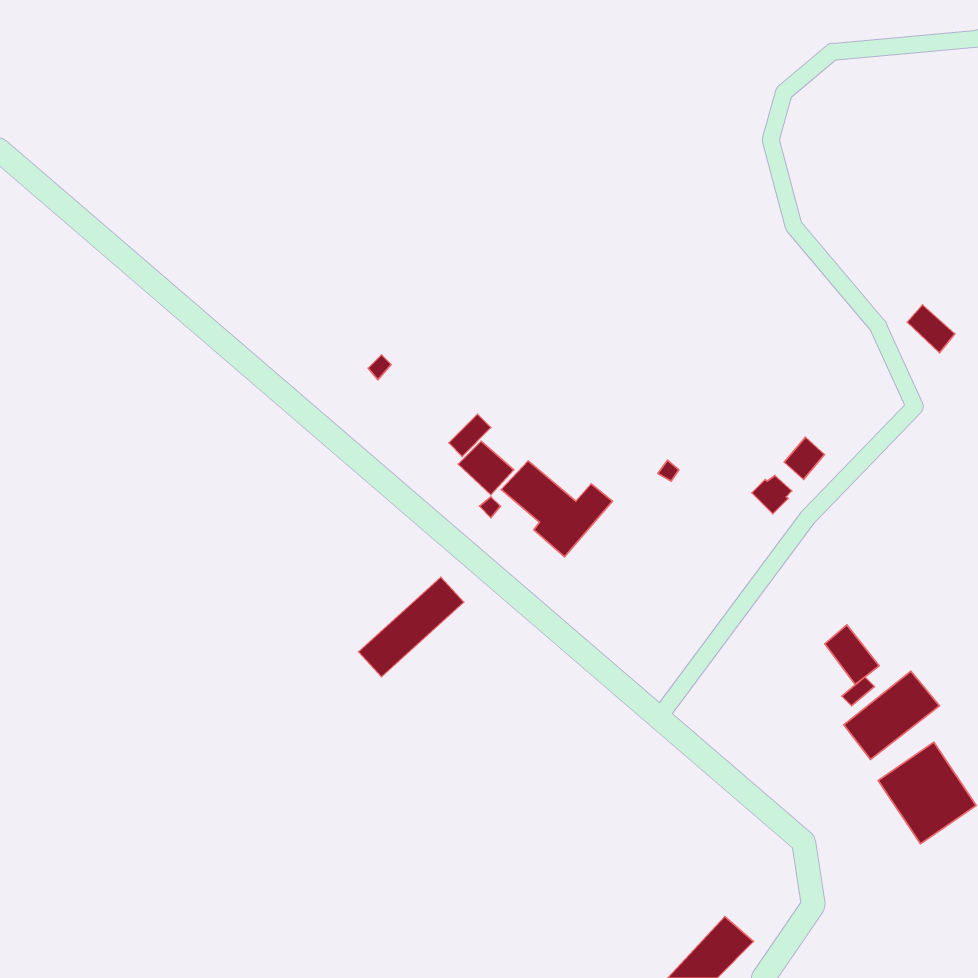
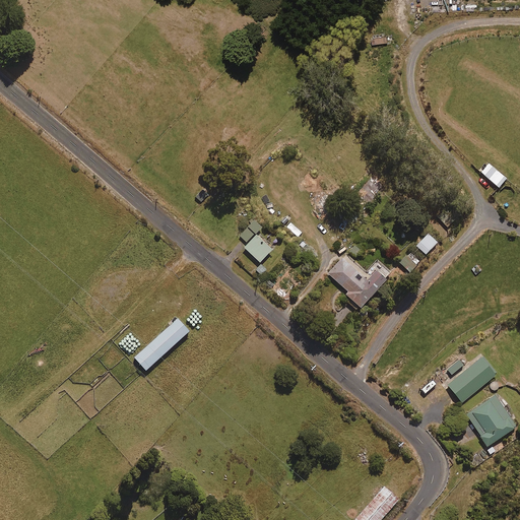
building: [501,461,612,557] -> [327,257,386,308]
building: [358,577,464,677] -> [133,317,189,370]
building: [825,625,879,684] -> none

